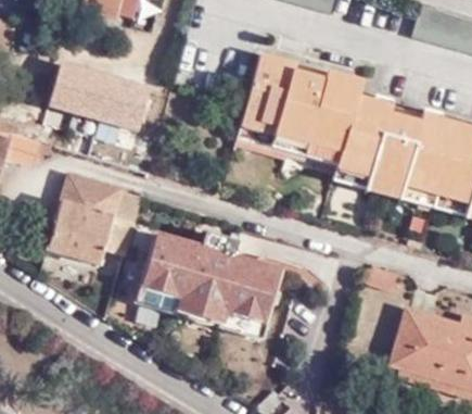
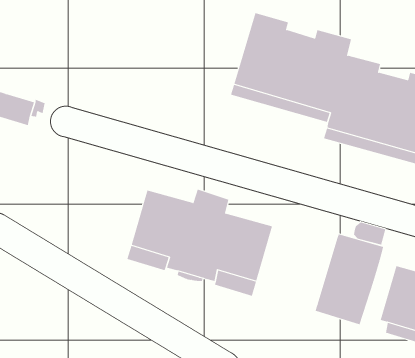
building: [48,70,146,126] -> none
building: [46,171,140,265] -> none
building: none -> [315,233,384,325]

